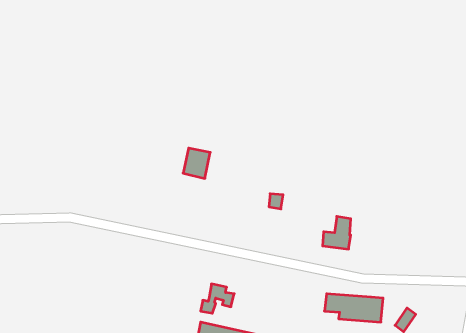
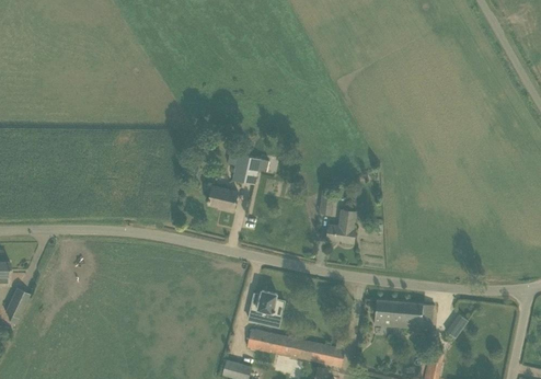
building: none -> [207,185,238,211]
building: [323,216,351,249] -> [326,209,355,242]

